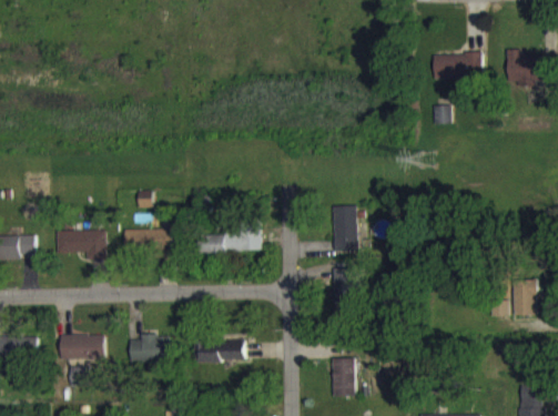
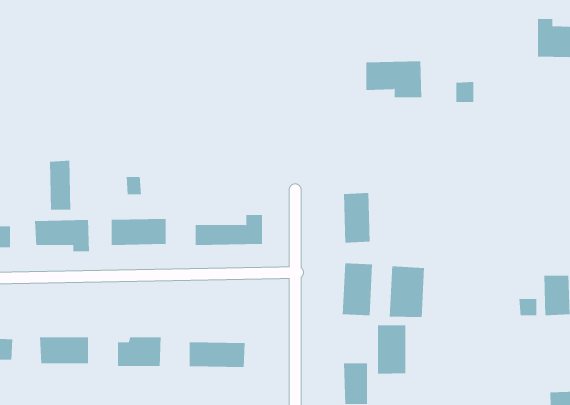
building: [432,52,483,85] -> [365,61,422,98]
building: none -> [49,160,71,210]
building: none -> [389,265,425,318]
building: none -> [378,324,406,375]

